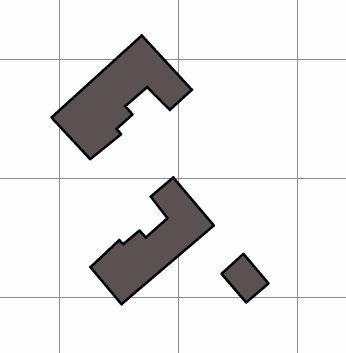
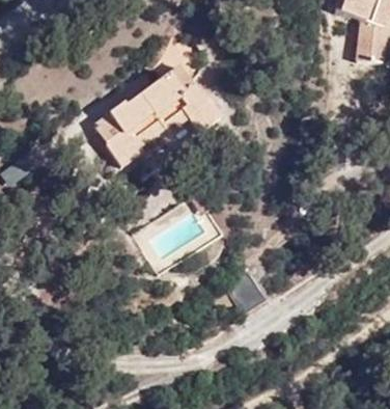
building: [90,177,214,304] -> none

